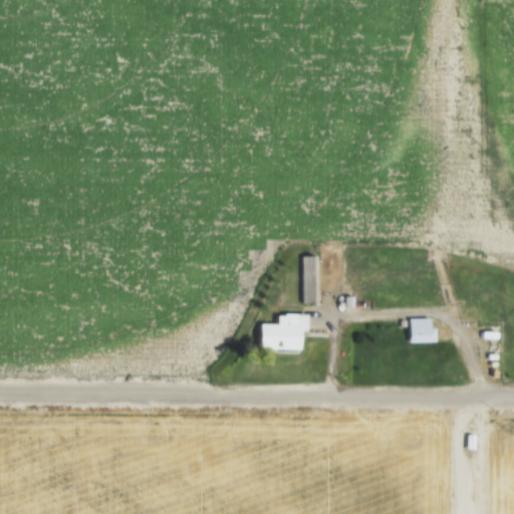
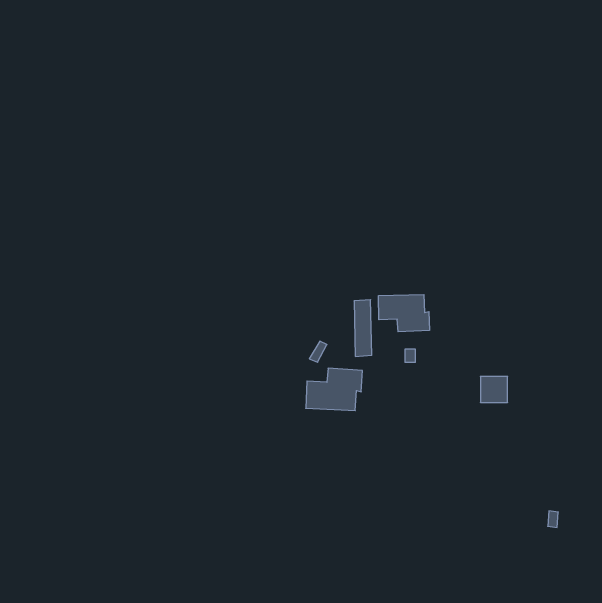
building: none -> [379,295,429,332]

